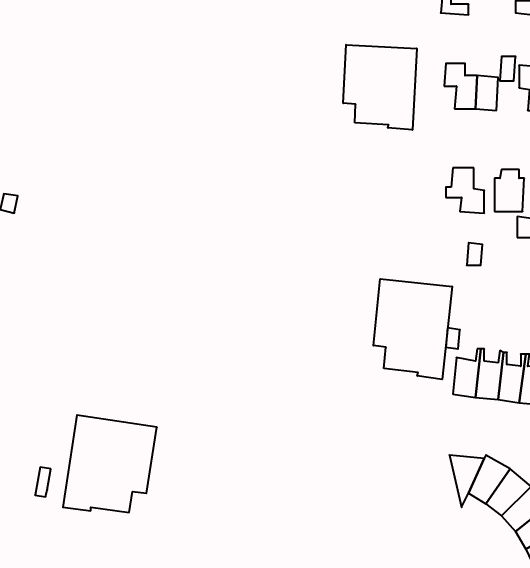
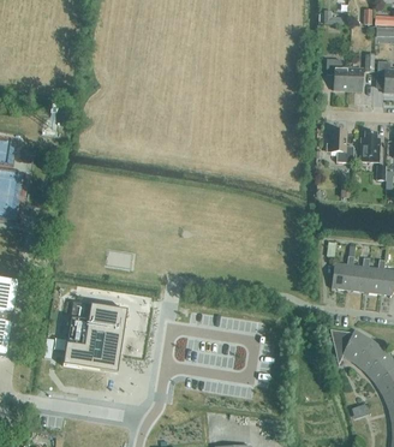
building: [343,45,417,130] -> none
building: [373,279,452,379] -> none

